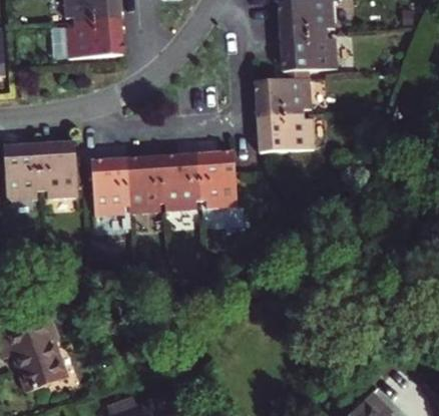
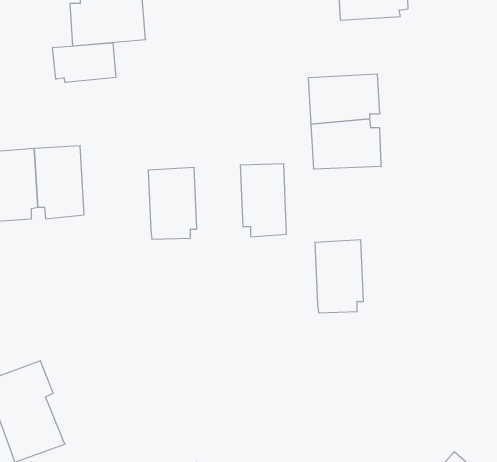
building: [280,38,336,79] -> none
building: none -> [53,43,116,83]
building: [165,154,203,212] -> [315,240,363,313]
building: [92,158,131,215] -> none

